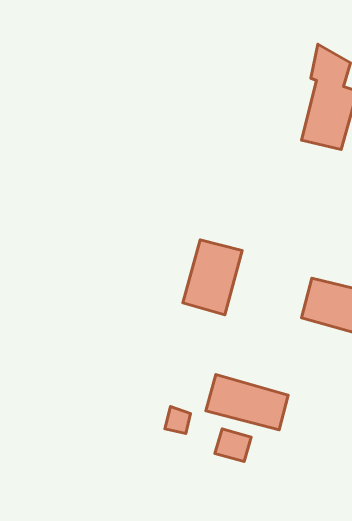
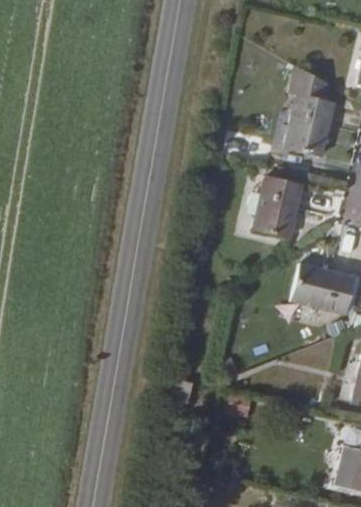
building: [183,240,242,315] -> [252,174,303,238]
building: [206,375,288,430] -> none

